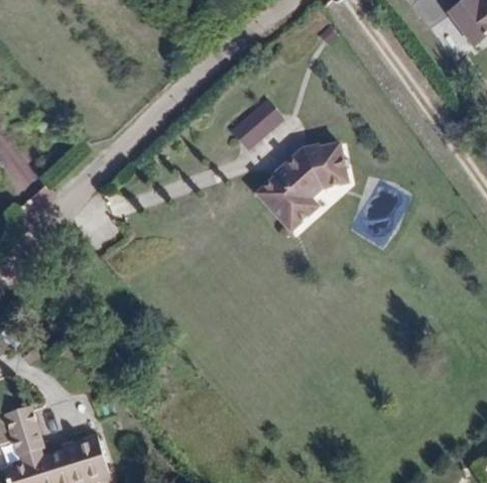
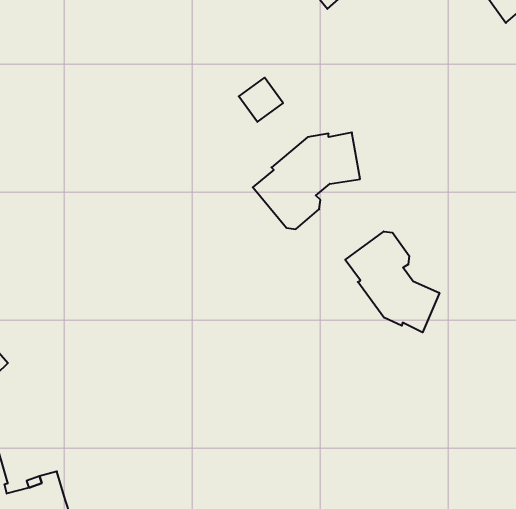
building: none -> [345,231,439,332]

